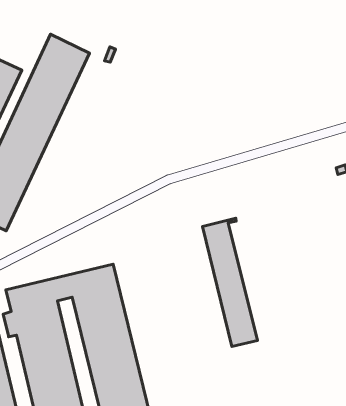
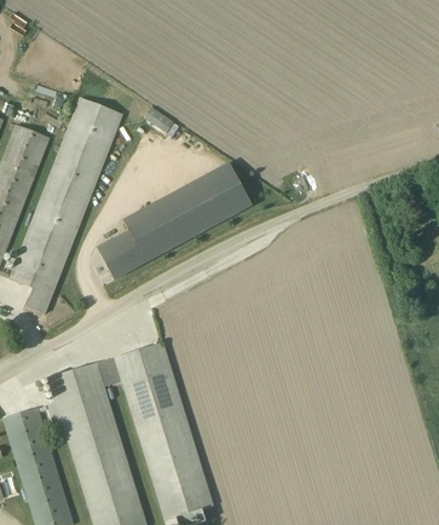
building: none -> [99,162,254,278]
building: [203,218,258,347] -> none

